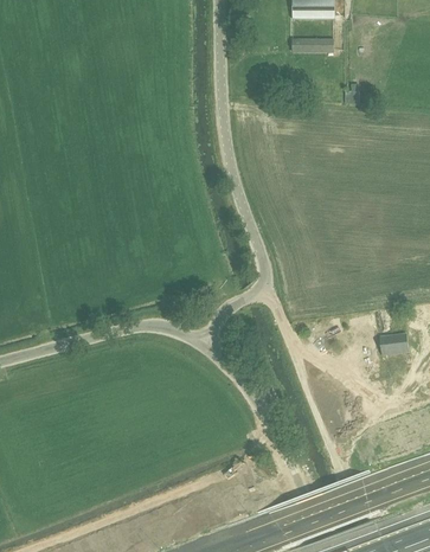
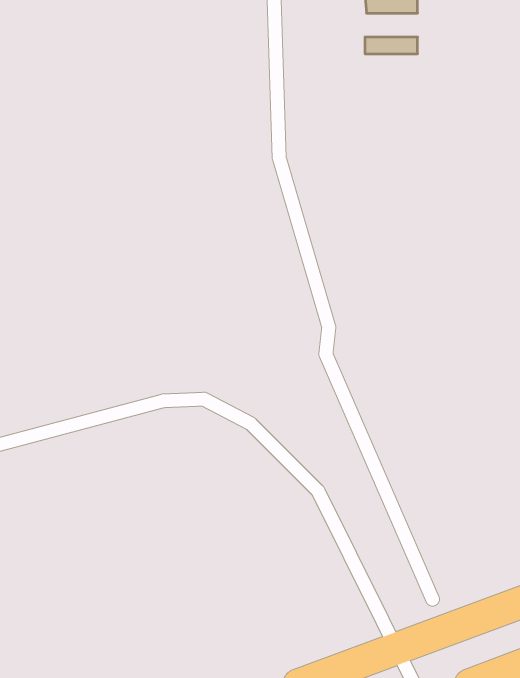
building: [378,332,407,354] -> none

